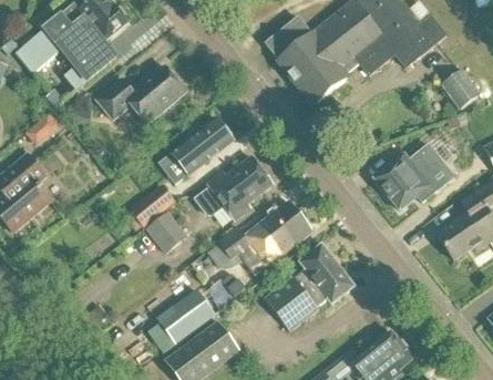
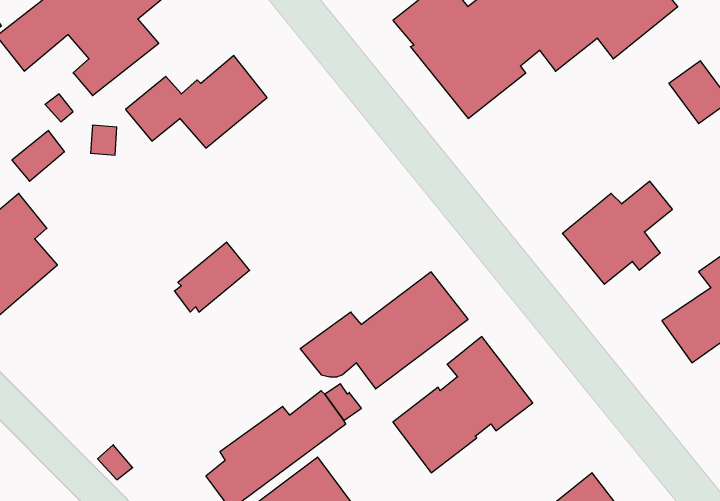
building: [171,116,234,175] -> none
building: [192,155,273,218] -> none
building: [145,210,187,253] -> none

